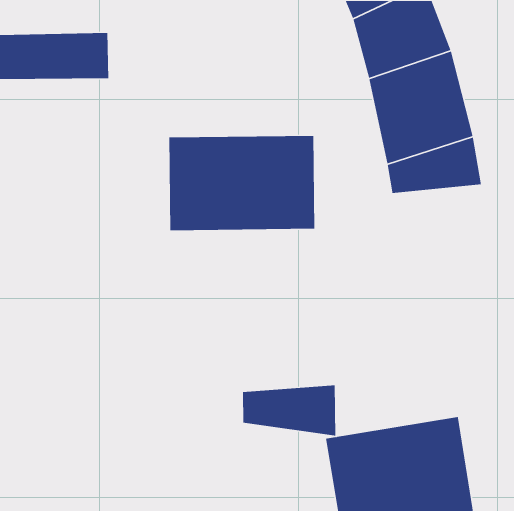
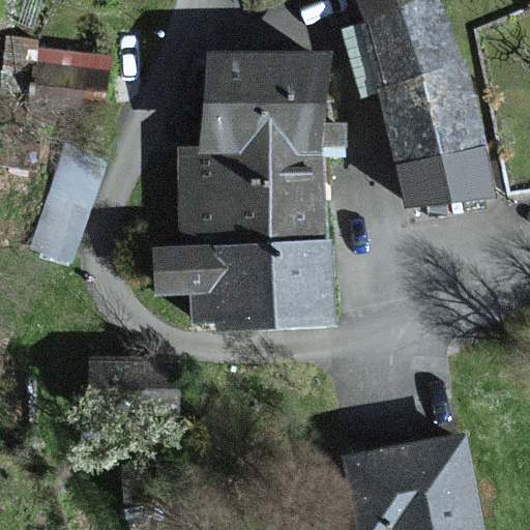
building: none -> [203,50,337,145]
building: none -> [149,240,341,333]
building: [242,384,336,436] -> none

